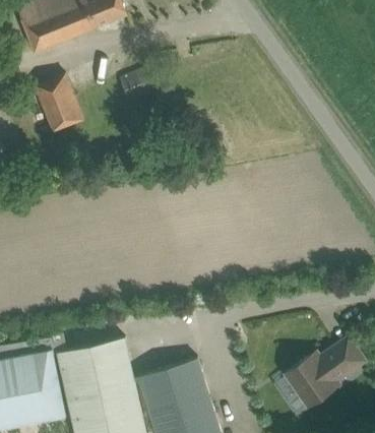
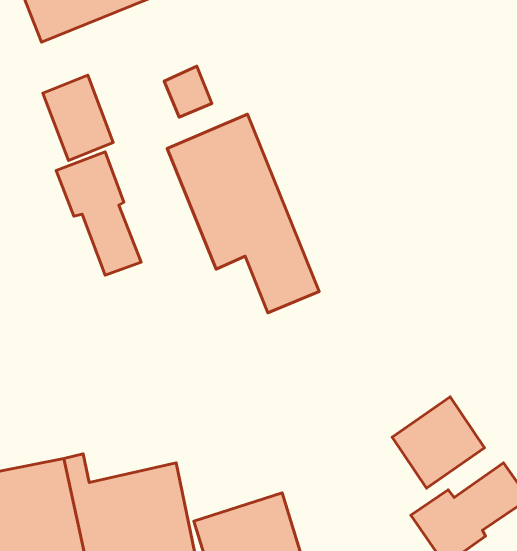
building: none -> [167,114,319,313]
building: none -> [56,152,141,275]
building: none -> [392,397,484,488]

